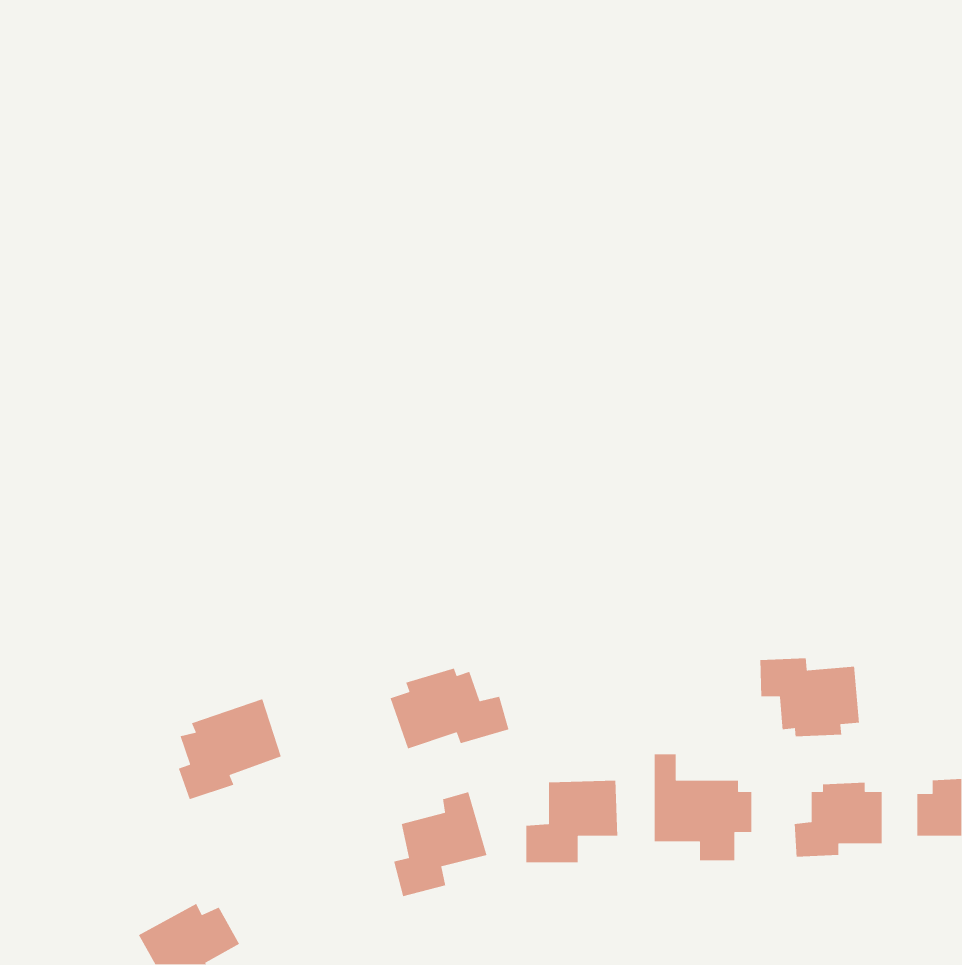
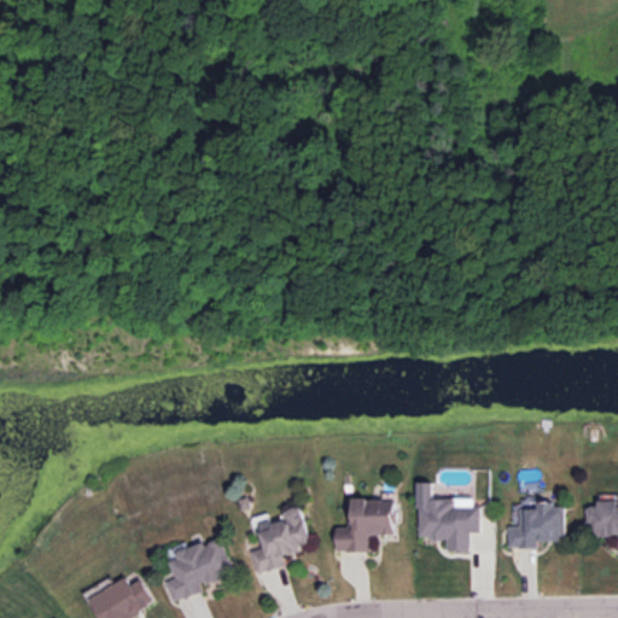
building: [759,658,860,737] -> none
building: [389,668,509,749] -> none
building: [178,698,282,800] -> [167,536,233,601]

